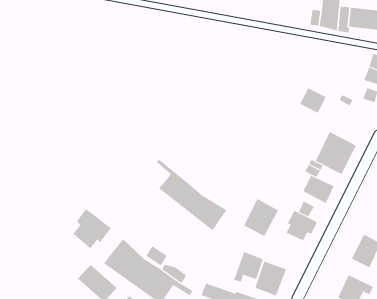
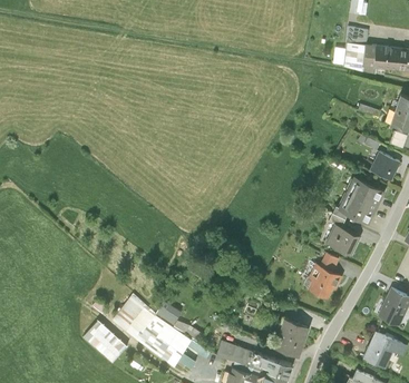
building: [300,88,327,114] -> [370,153,399,180]
building: [156,159,227,231] -> none
building: [243,198,279,237] -> none
building: [72,208,111,249] -> none
building: [234,251,264,282] -> none

